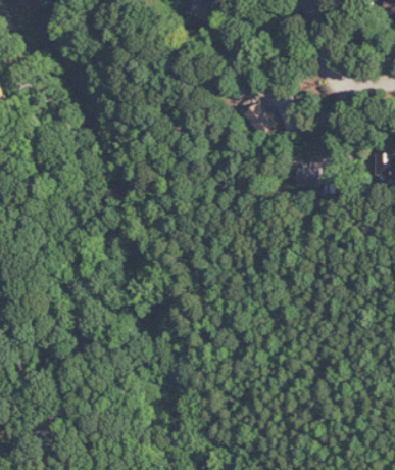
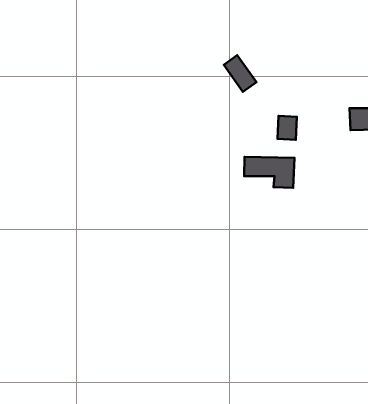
building: none -> [244,157,294,188]

